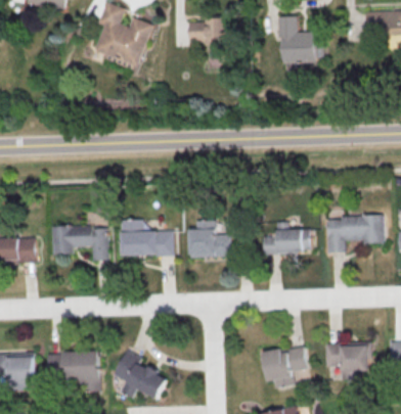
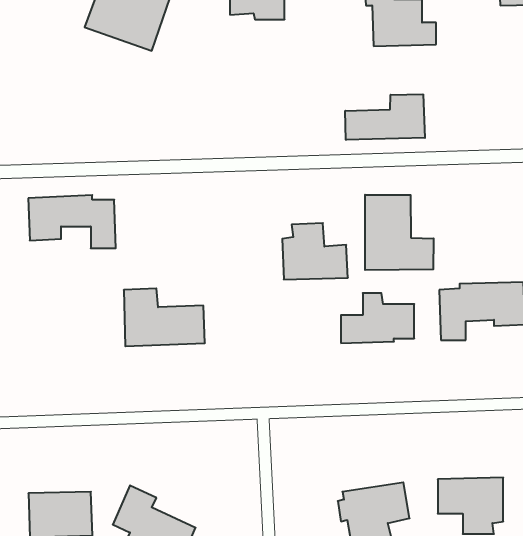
building: none -> [345,94,425,140]
building: none -> [365,195,434,270]
building: [188,221,231,258] -> [282,223,348,279]
building: [50,226,107,261] -> [28,195,116,248]

